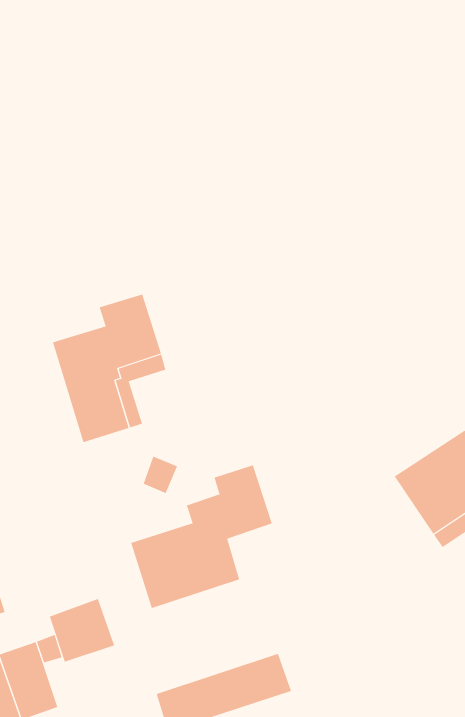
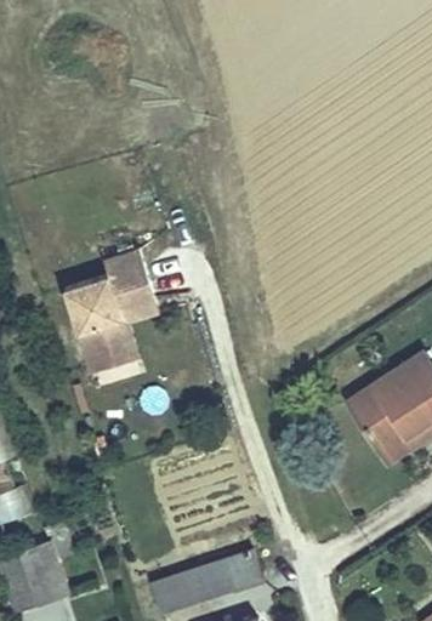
building: [131,464,272,609] -> none
building: [49,598,115,662] -> none

